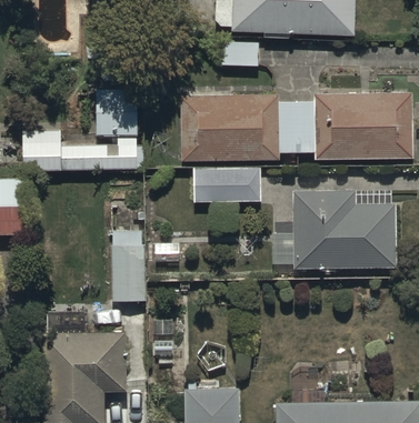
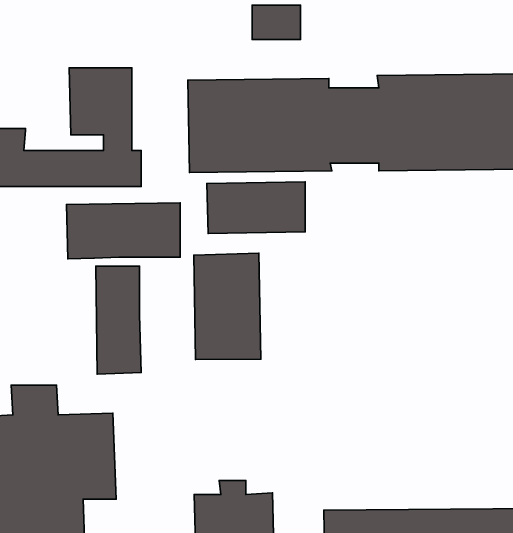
building: none -> [66,203,180,259]
building: [275,191,398,268] -> none
building: none -> [194,253,261,360]

